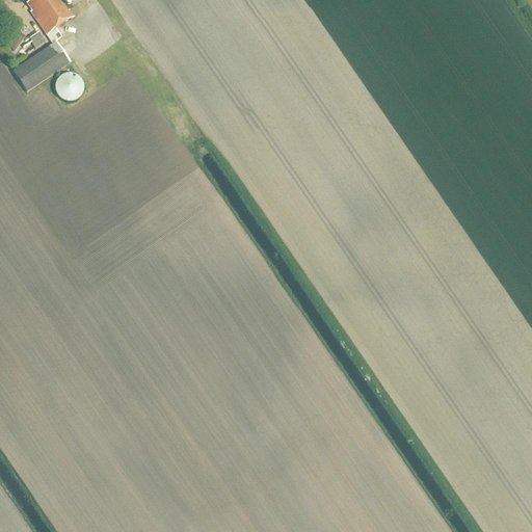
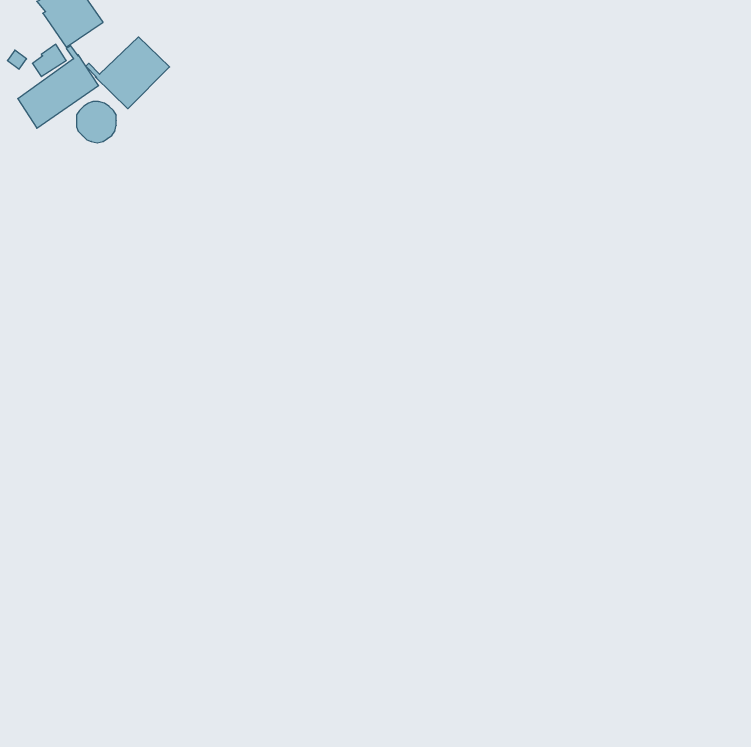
building: none -> [86,37,170,109]

